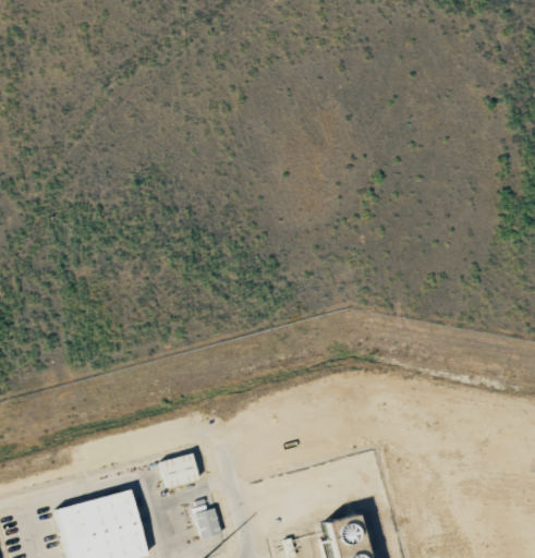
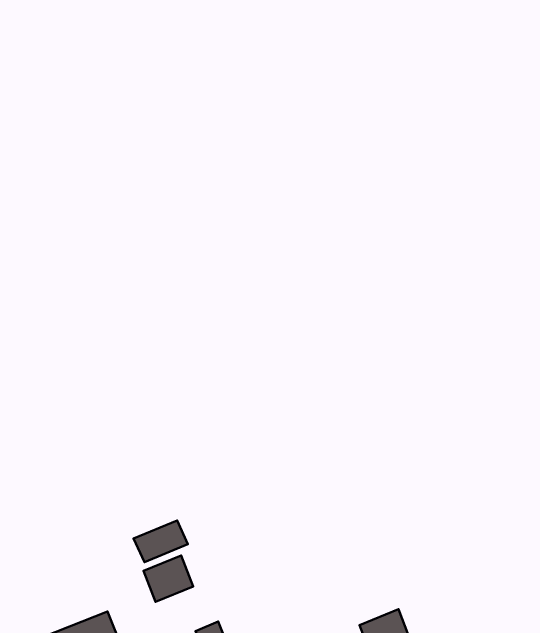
building: none -> [134,520,188,562]

